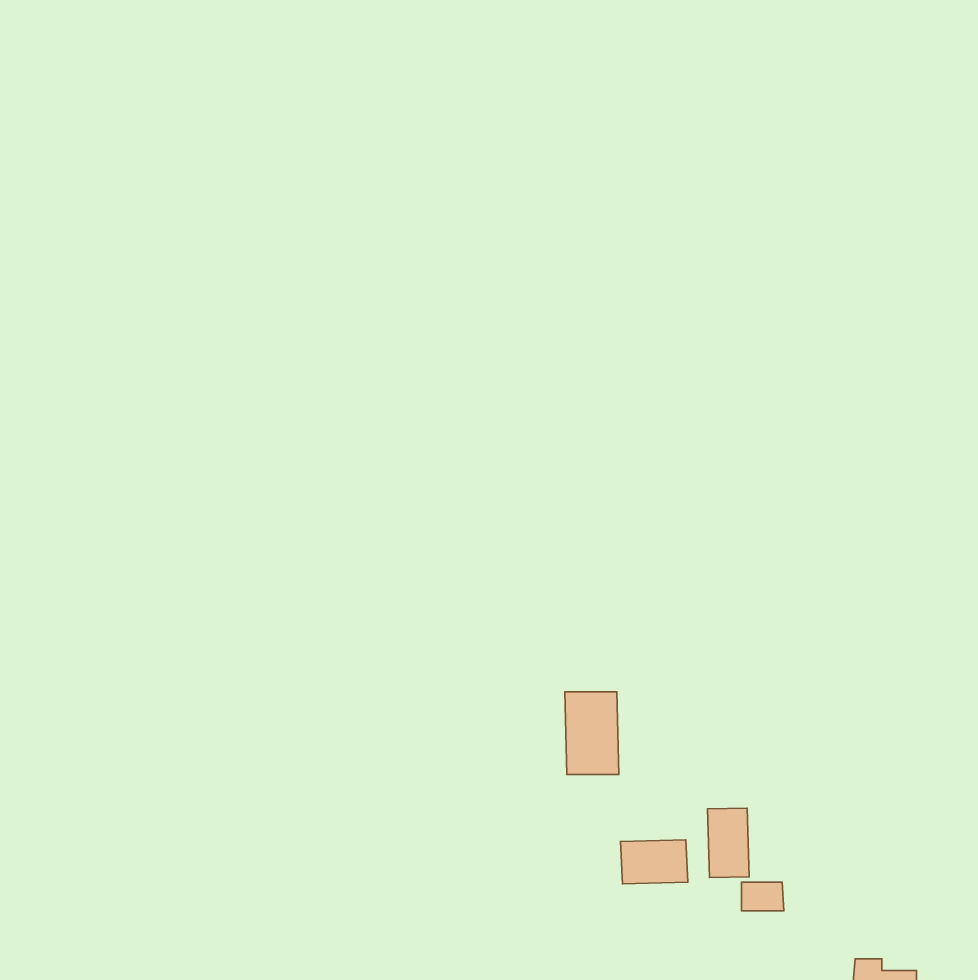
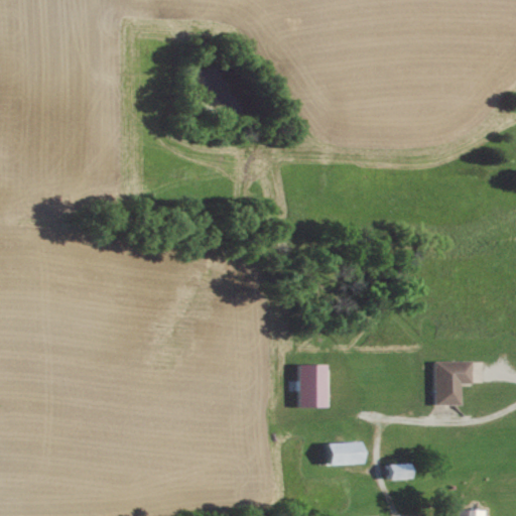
building: none -> [434,361,472,404]
building: [707,808,749,877] -> none

